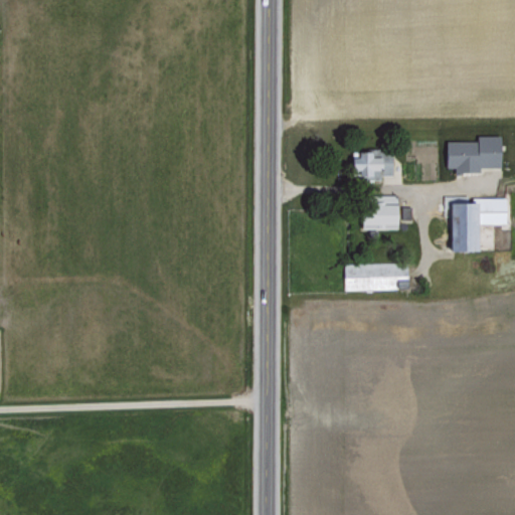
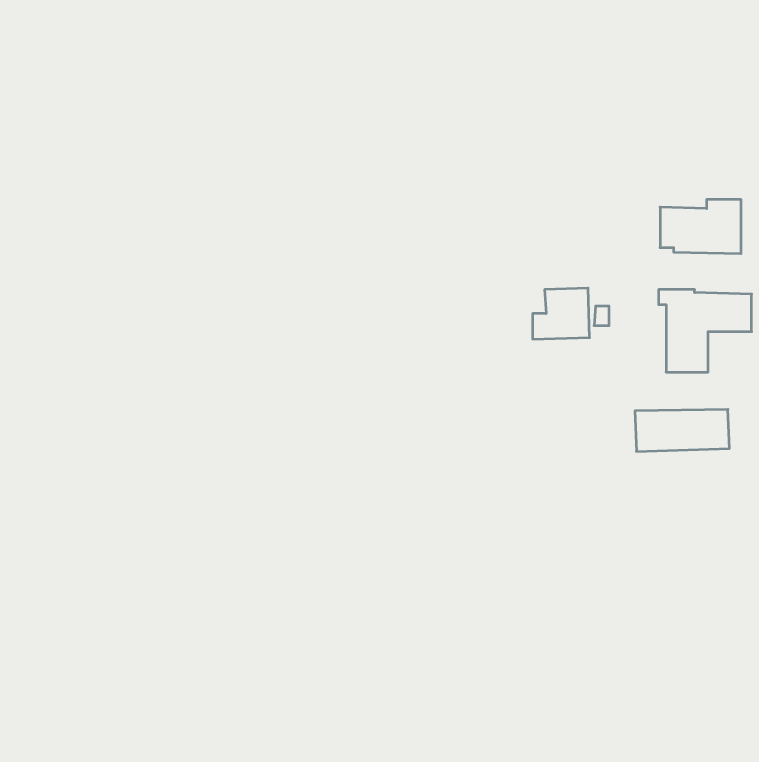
building: [354,152,394,182] -> none
building: [347,264,410,292] -> [635,409,729,451]

